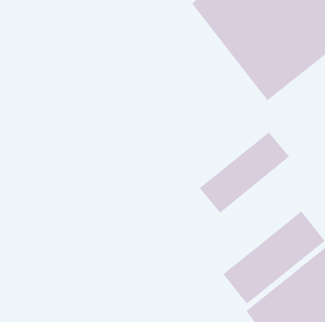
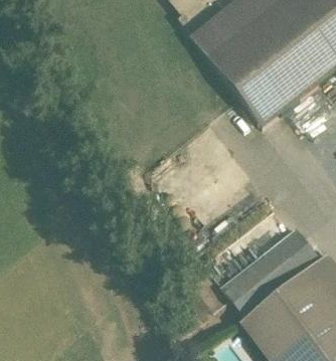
building: [199,131,290,213] -> none

